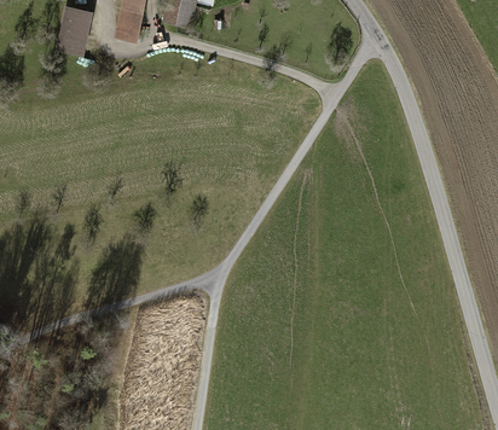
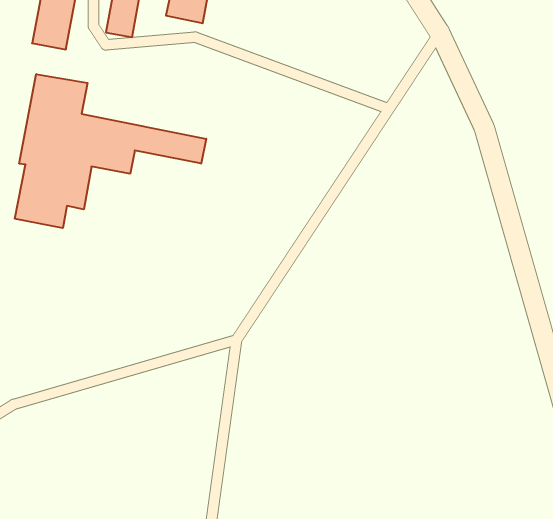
building: none -> [15,74,206,228]

